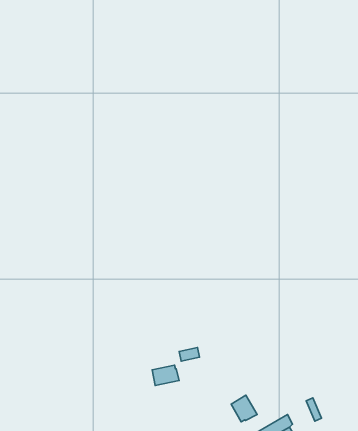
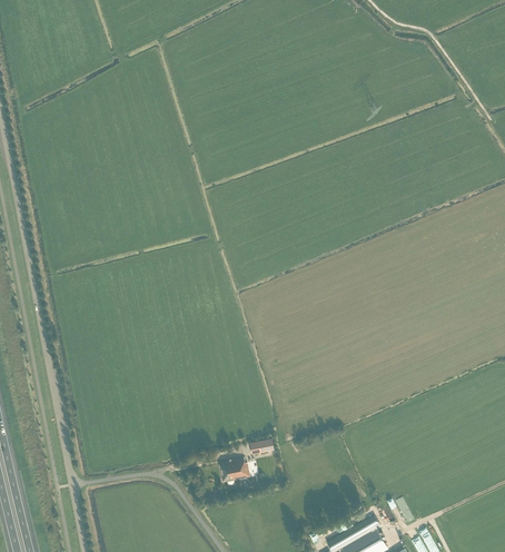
building: [231,395,257,422] -> none

